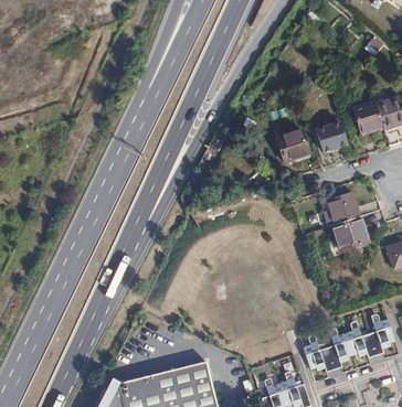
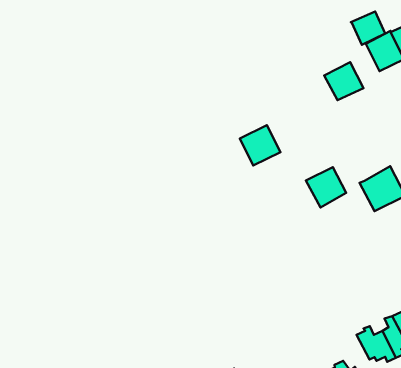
building: none -> [351,12,385,45]
building: [276,130,308,162] -> [240,125,280,166]
building: [326,191,358,223] -> [306,167,346,208]

